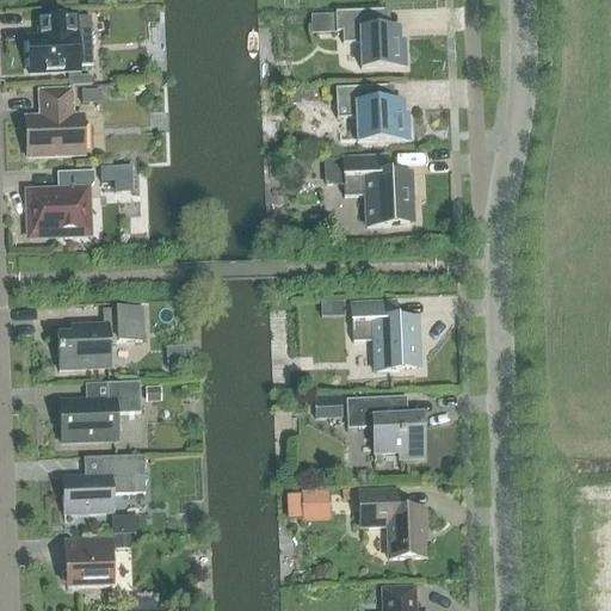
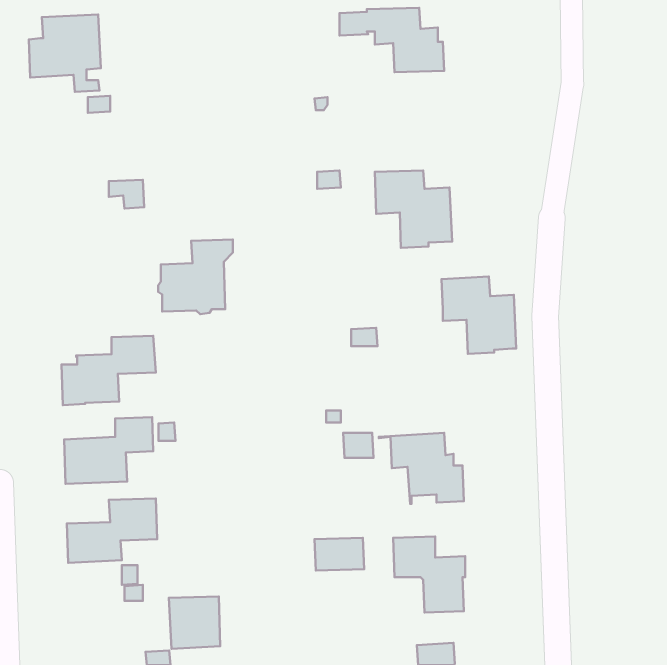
building: [337,84,411,141] -> none
building: [26,88,85,154] -> none
building: [27,168,95,236] -> [158,240,233,314]
building: [352,300,420,370] -> [442,276,516,354]
building: [66,538,112,586] -> [169,596,220,649]

